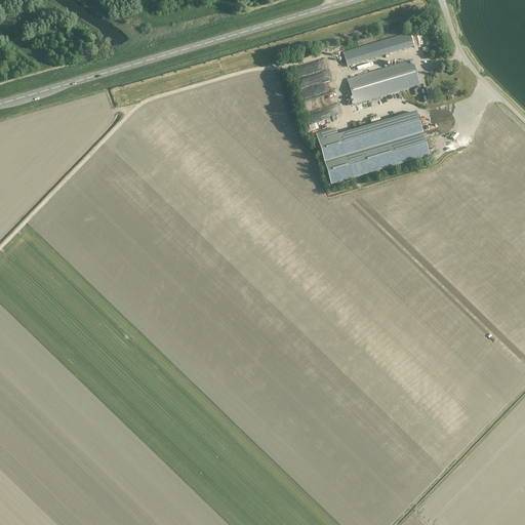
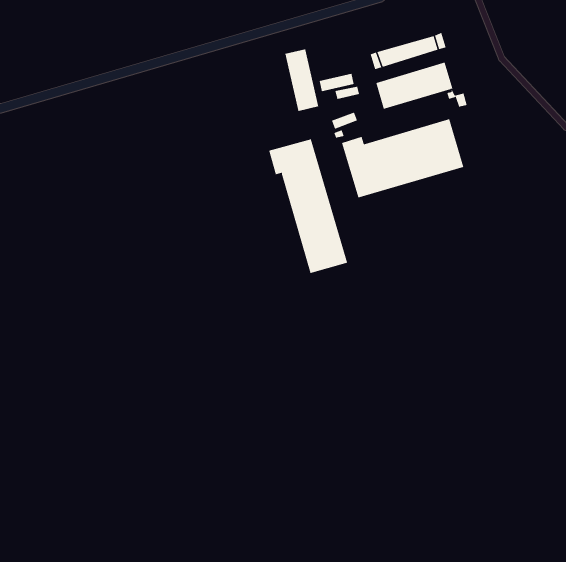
building: none -> [285,48,319,112]
building: none -> [268,138,348,274]

